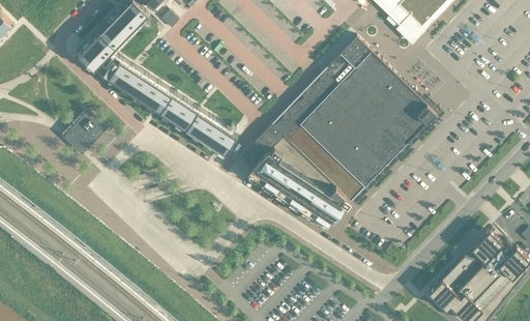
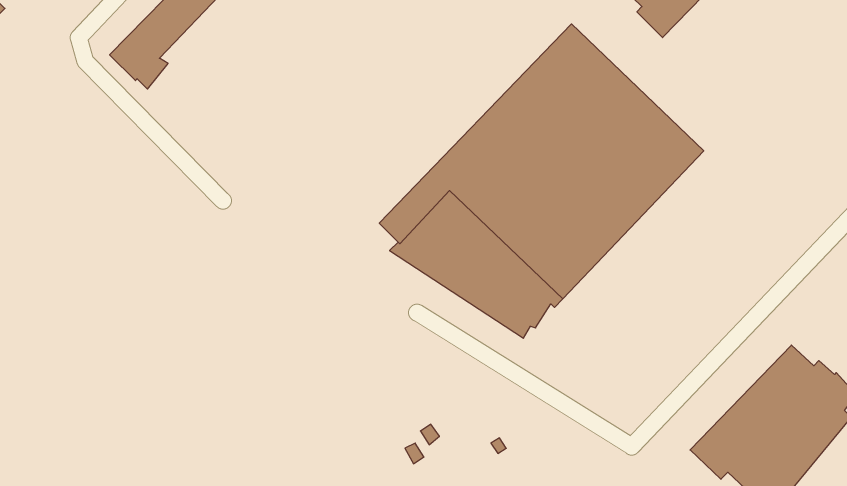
building: [99,60,236,155] -> none
building: [67,114,100,147] -> none

